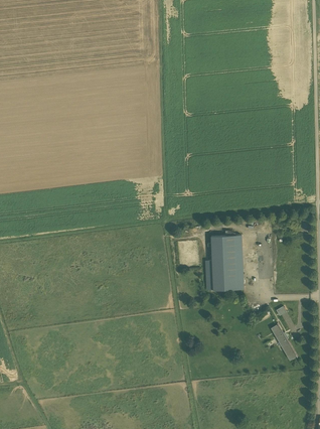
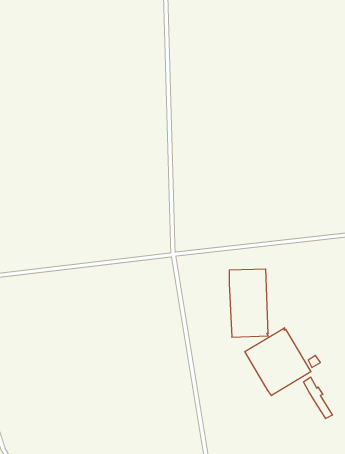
building: none -> [245,328,311,396]

